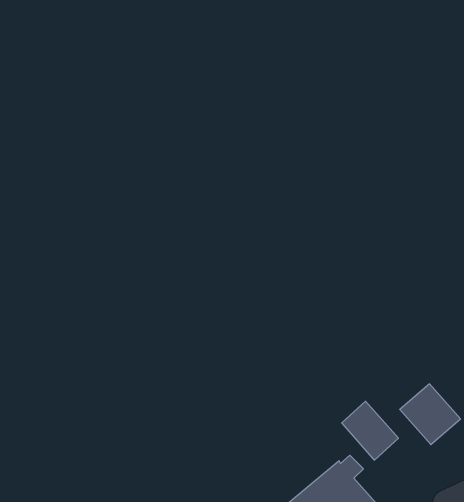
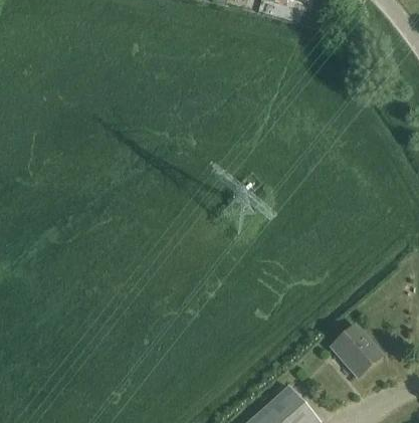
building: [342,401,398,460] -> none

